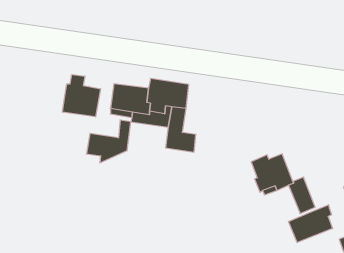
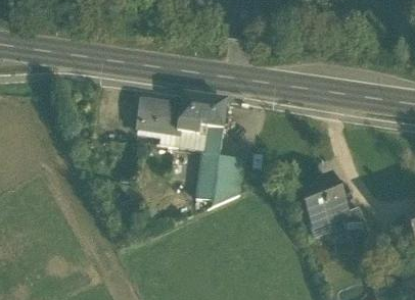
building: [63,75,101,117] -> none
building: [86,120,131,163] -> [196,156,247,205]
building: [289,205,333,243] -> none

